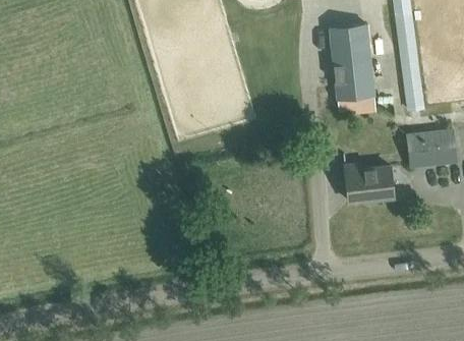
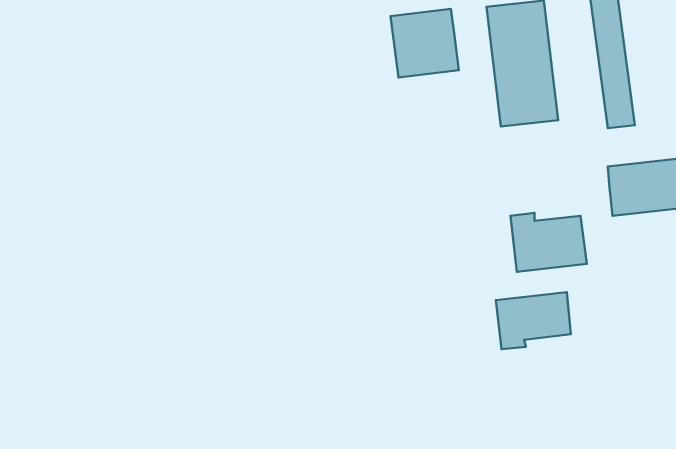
building: none -> [391,9,459,77]
building: none -> [496,292,571,349]

